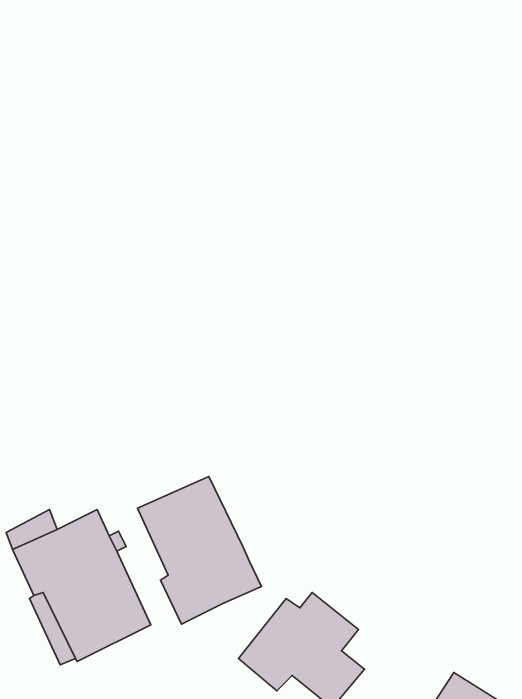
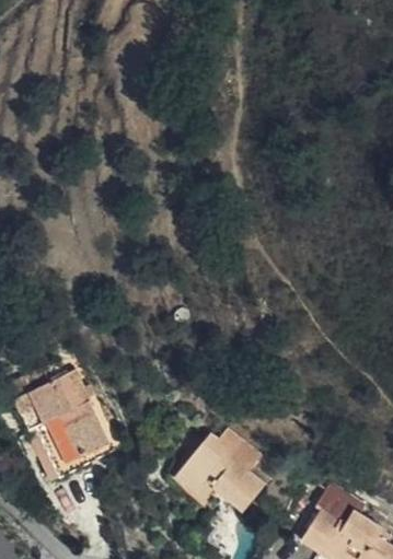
building: [138,476,261,624] -> none

